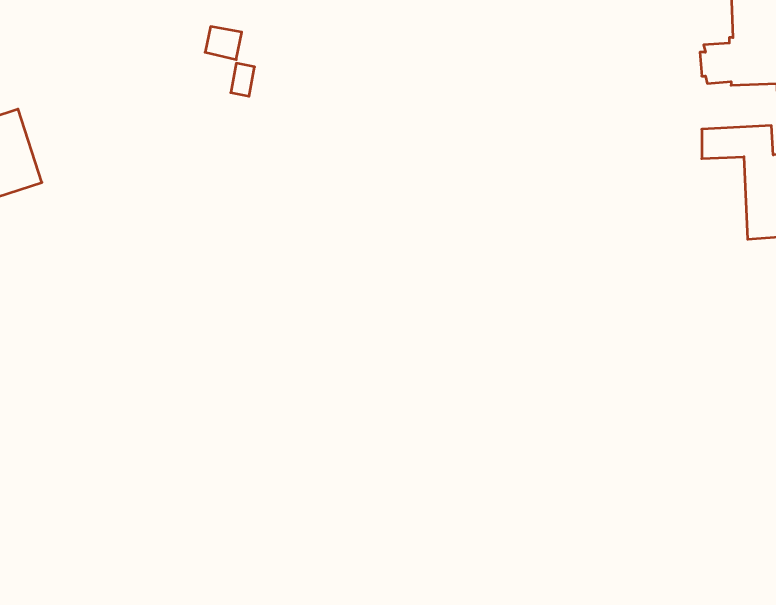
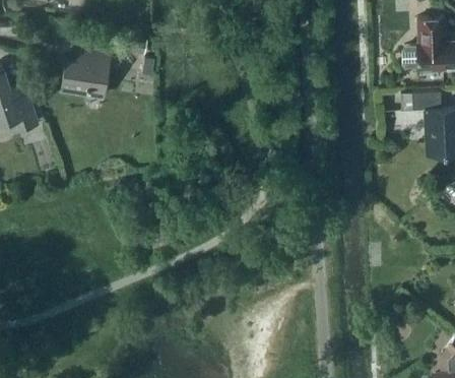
building: none -> [60,50,111,96]

